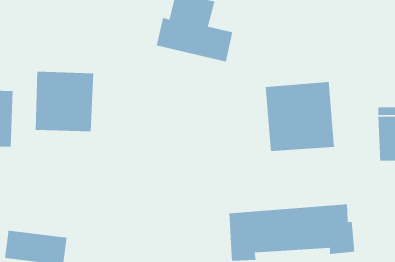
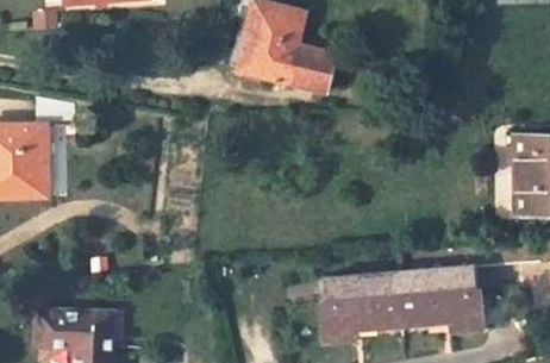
building: [35,71,94,132] -> none
building: [265,81,335,152] -> none

